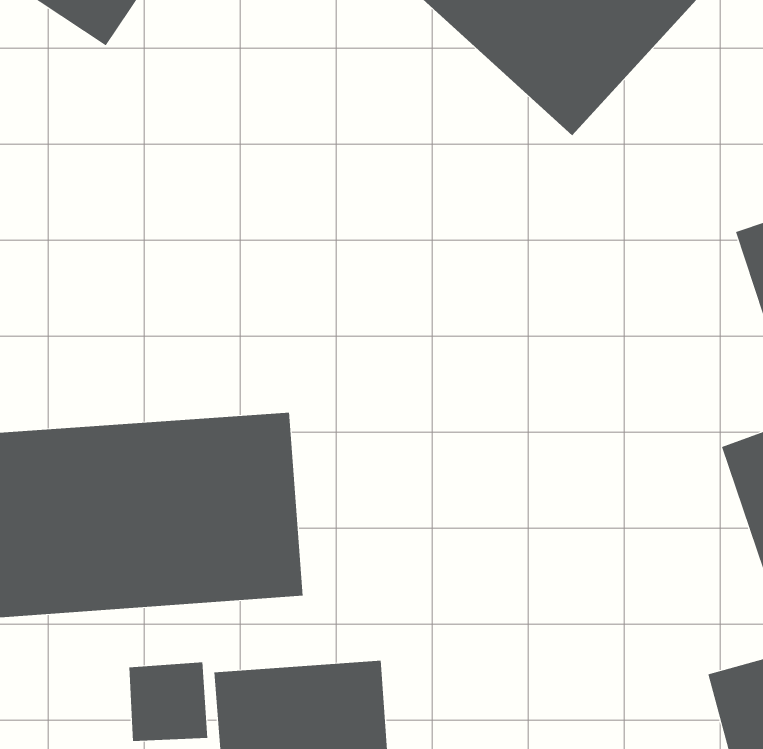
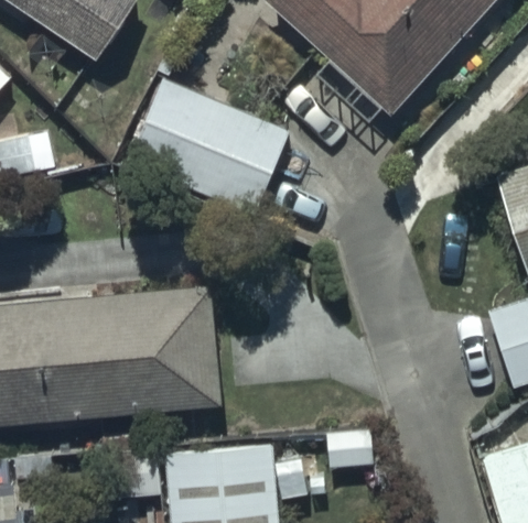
building: none -> [125,77,287,214]

